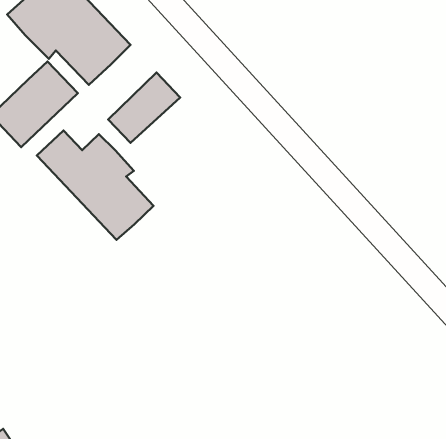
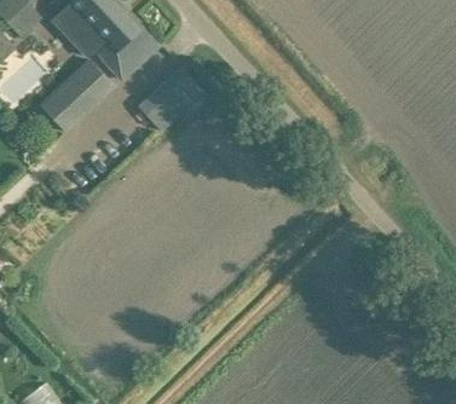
building: [37,131,154,240] -> none

